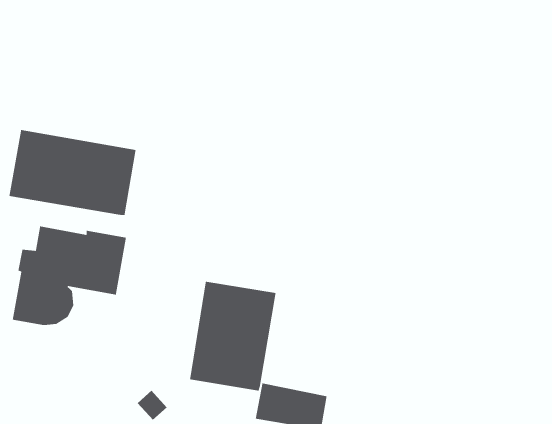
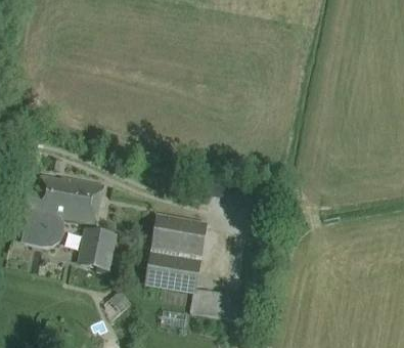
building: [9,129,136,216] -> none
building: none -> [77,226,118,269]

